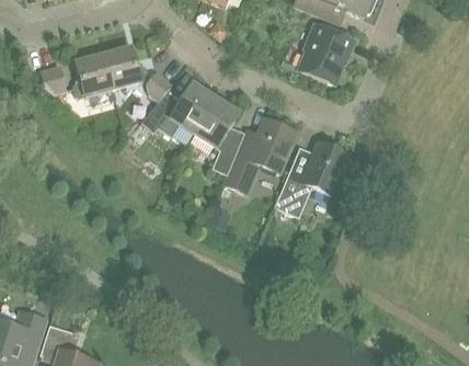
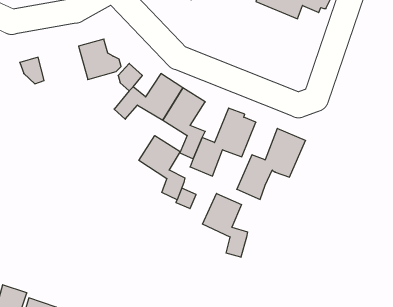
building: [298,22,353,83] -> none
building: [73,52,113,96] -> none
building: none -> [139,136,185,200]
building: none -> [203,193,247,257]

